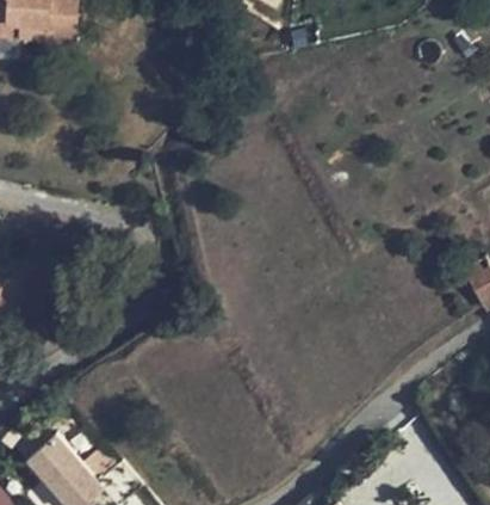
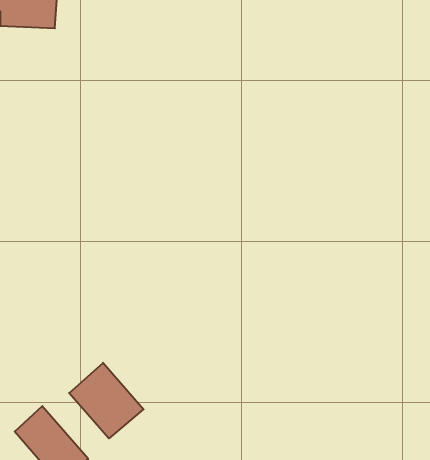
building: none -> [69,363,144,438]

